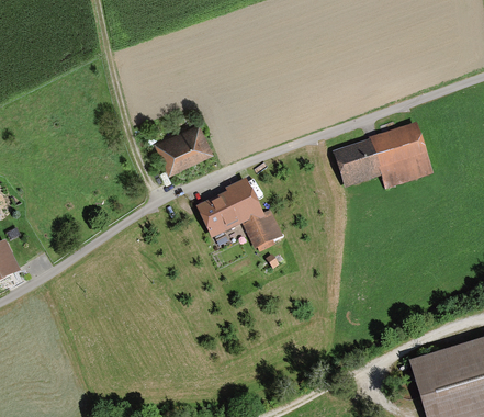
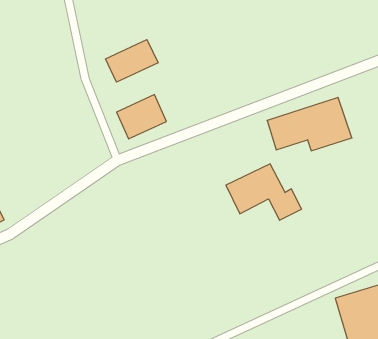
building: none -> [105,40,158,82]
building: [191,184,281,251] -> [226,164,302,220]

